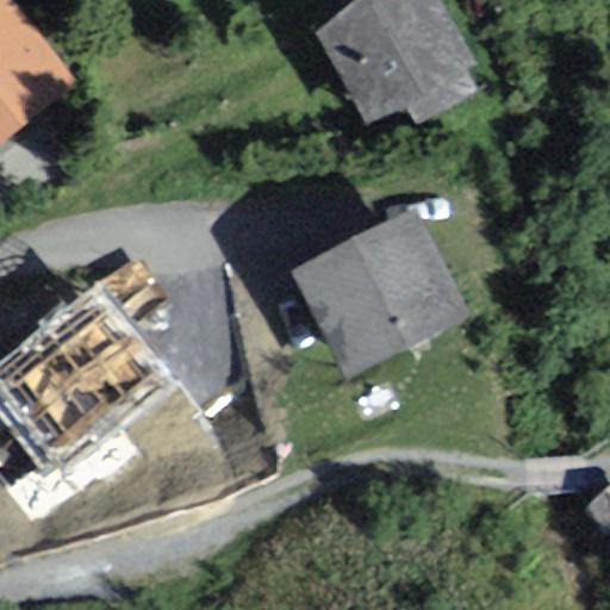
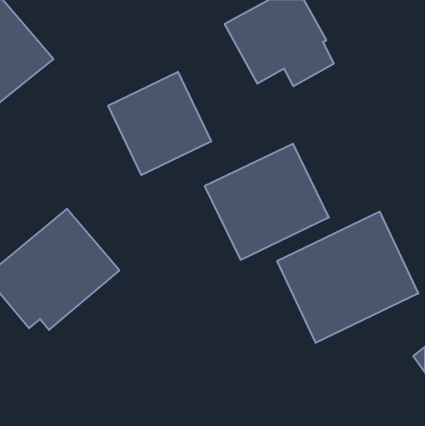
building: none -> [108,72,211,175]
building: none -> [277,212,418,343]

